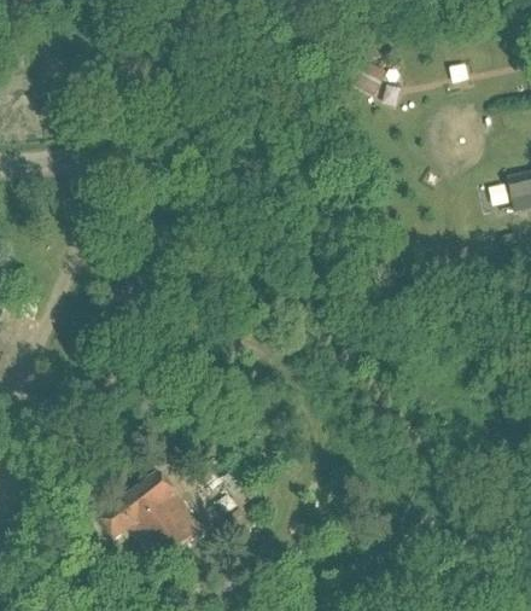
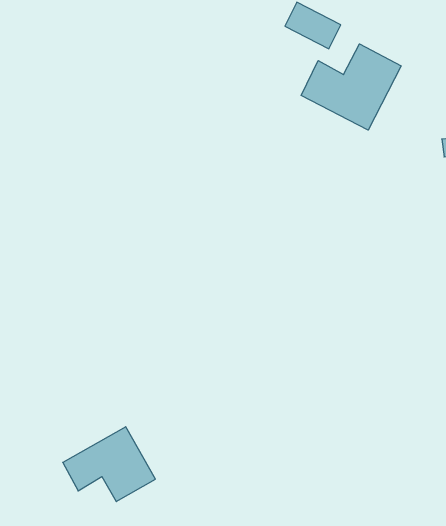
building: none -> [301,44,401,130]

